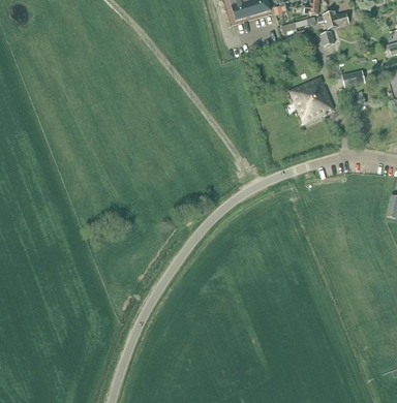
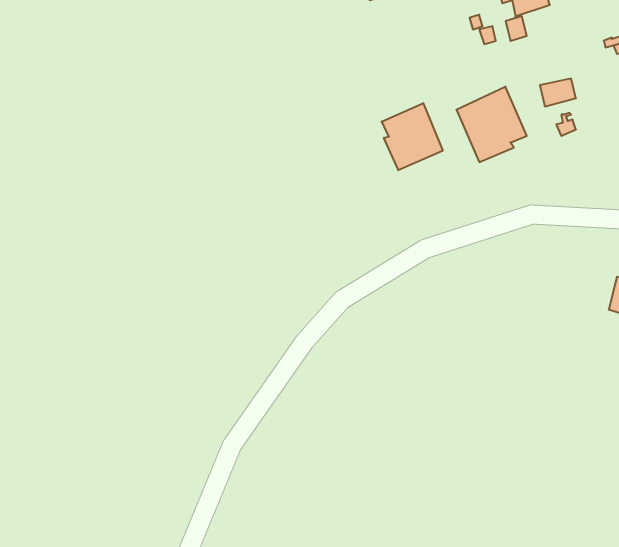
building: none -> [382,103,443,170]

